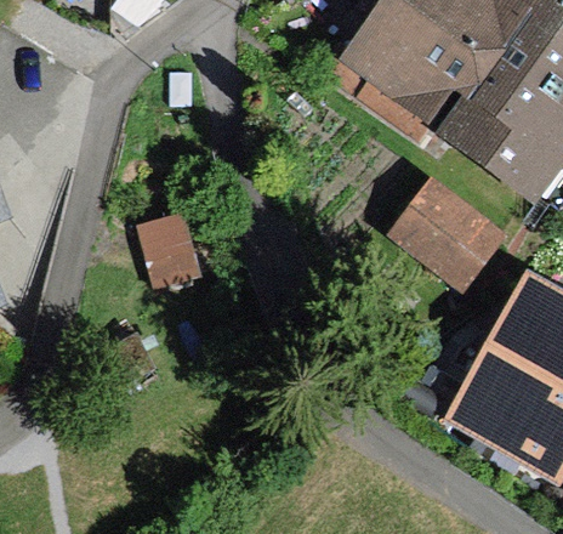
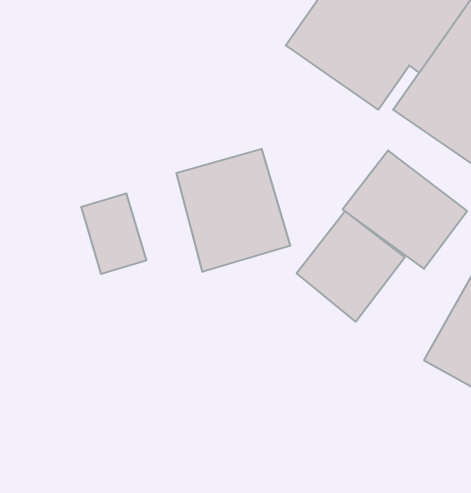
building: none -> [176,149,290,272]
building: none -> [297,211,405,322]

